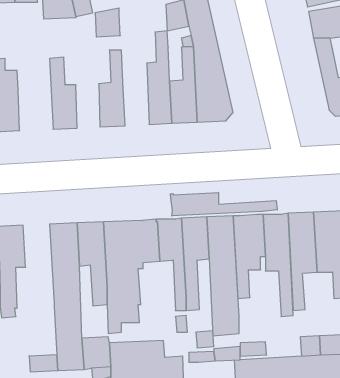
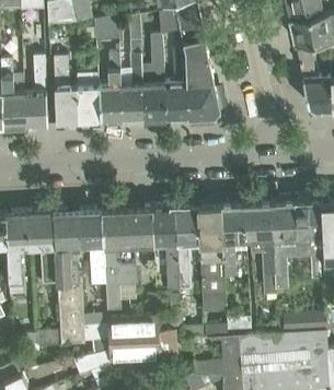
building: none -> [120,16,145,122]
building: none -> [25,58,48,127]
building: none -> [77,74,100,125]
building: [170,192,277,216] -> none
building: none -> [30,212,58,285]

